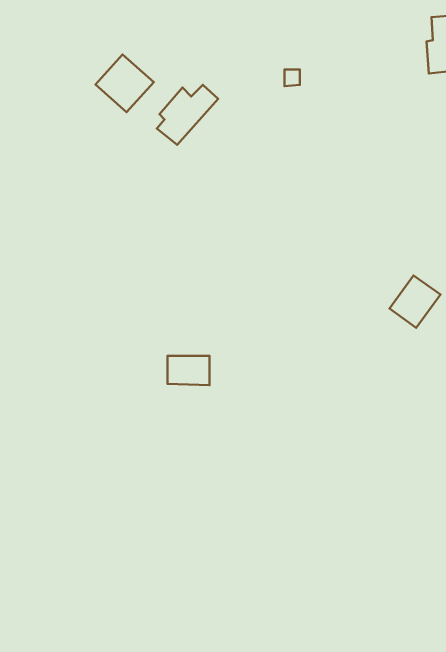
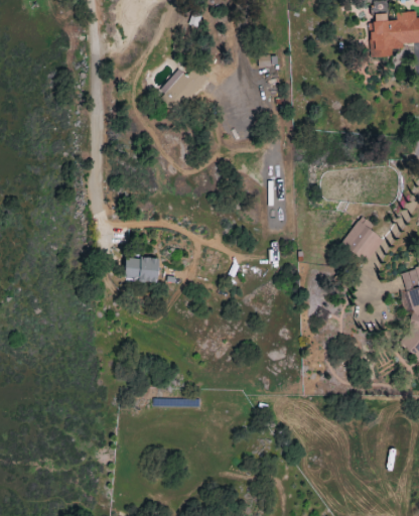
building: [95,54,154,112] -> none
building: [167,356,210,385] -> [127,258,160,281]

